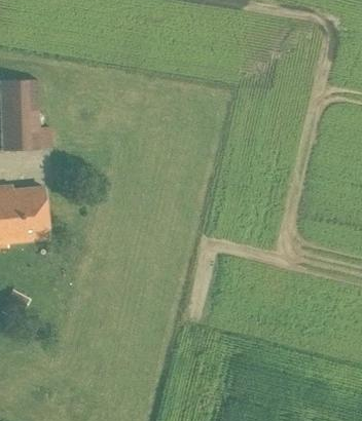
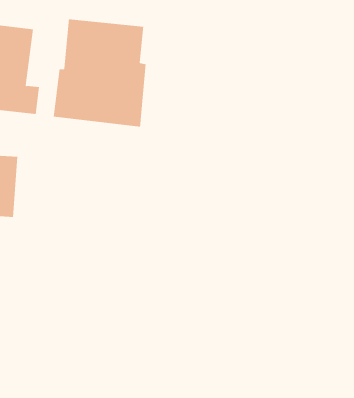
building: none -> [53,19,146,128]

